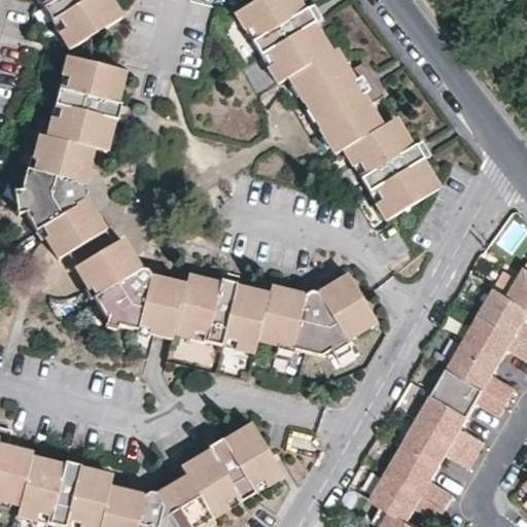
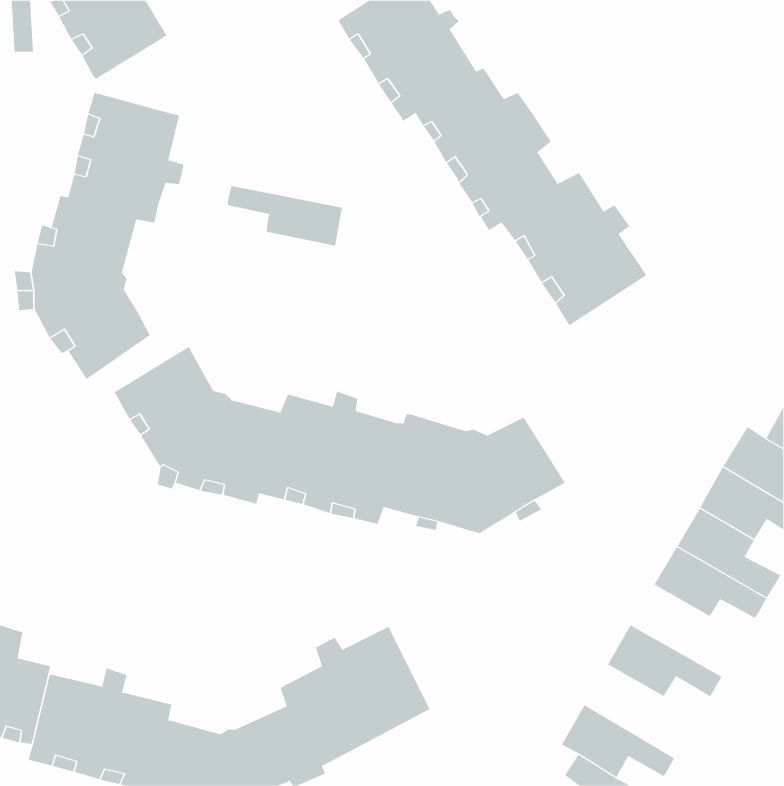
building: none -> [227,185,342,246]
building: [422,391,491,453] -> none
building: [391,445,460,507] -> none

